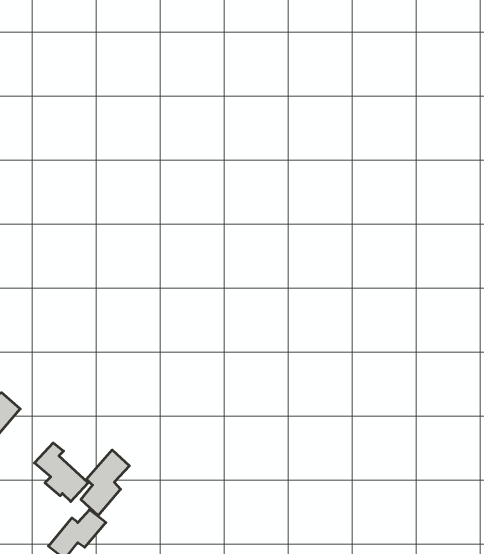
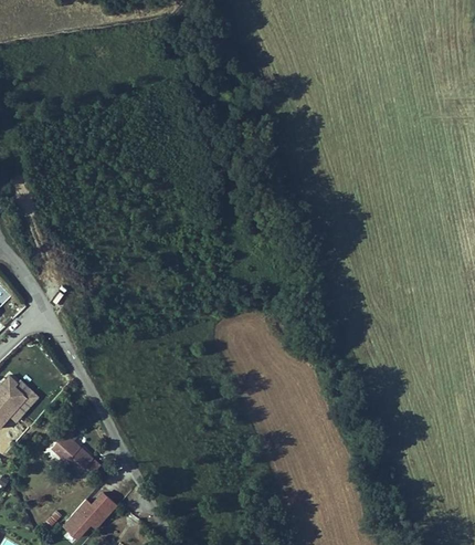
building: [81,450,129,516] -> none

